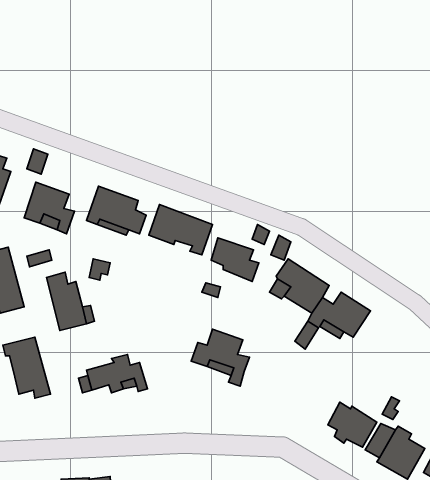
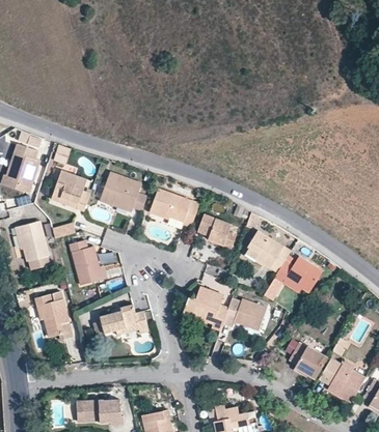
building: none -> [224,297,267,328]

